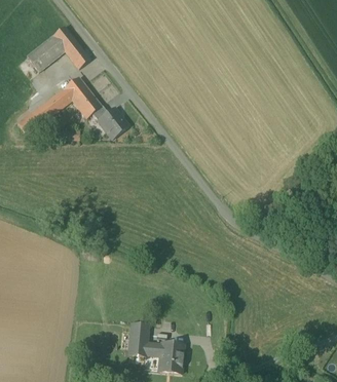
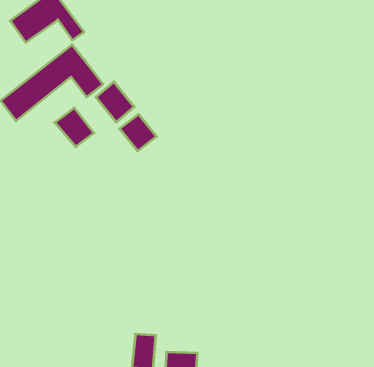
building: none -> [55,108,94,147]
building: none -> [119,114,157,151]

